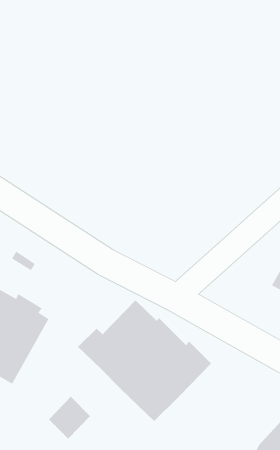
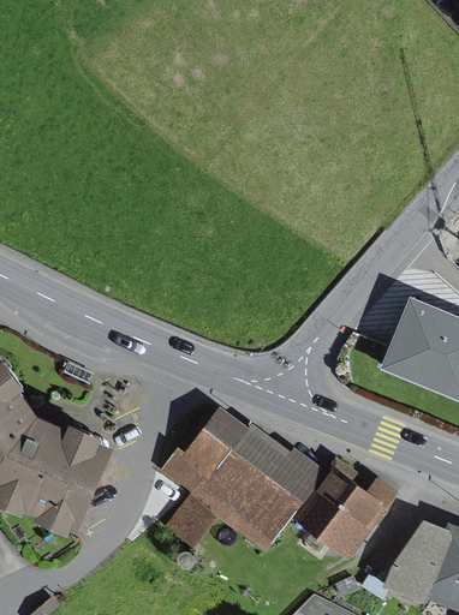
building: none -> [287,465,397,562]
building: [48,396,91,440] -> [161,496,213,550]

